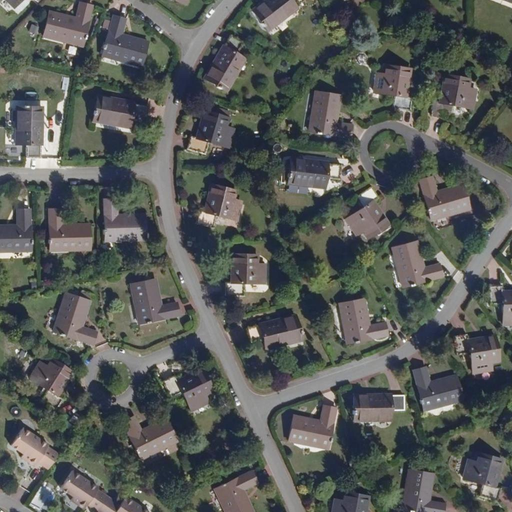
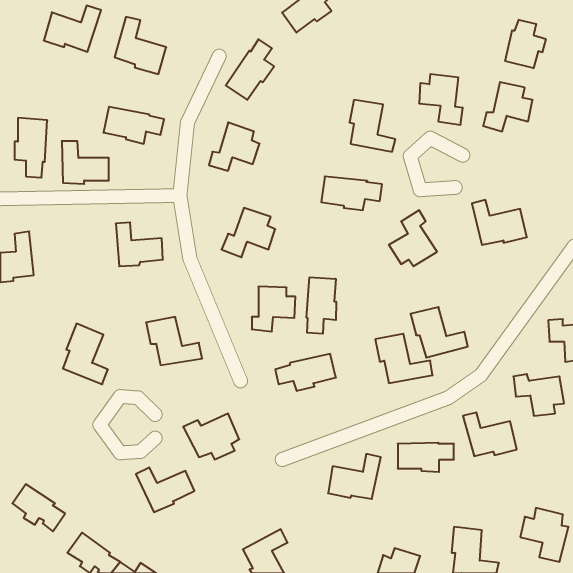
building: none -> [505,20,546,68]
building: [48,208,90,246] -> [62,141,109,184]
building: [392,242,443,287] -> [410,307,468,358]
building: none -> [307,277,336,334]
building: [30,358,72,407] -> none

